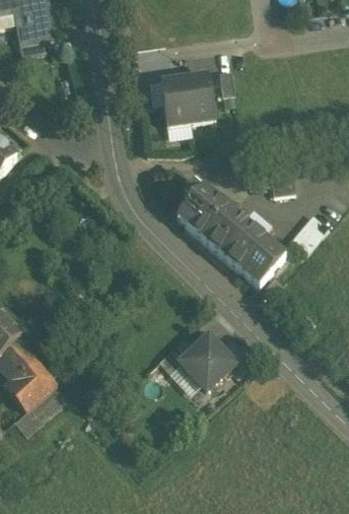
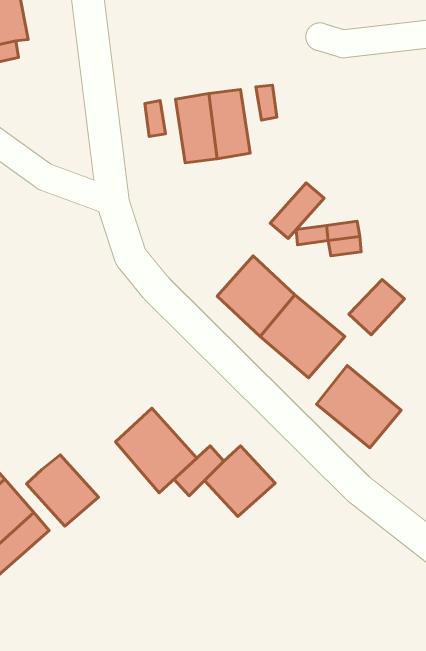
building: [178,184,217,224] -> [270,183,324,238]
building: none -> [316,365,401,448]
building: none -> [116,408,197,493]
building: none -> [26,455,98,526]

